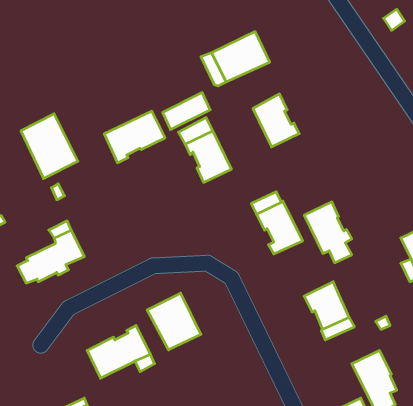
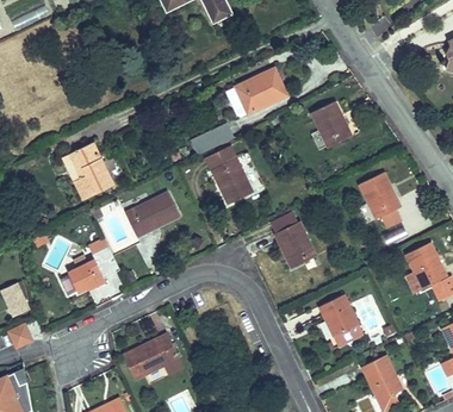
building: [253,94,299,147] -> [311,100,353,148]
building: [104,111,165,163] -> [125,192,180,238]
building: [304,202,352,263] -> [359,173,402,227]
building: [147,293,201,350] -> none

